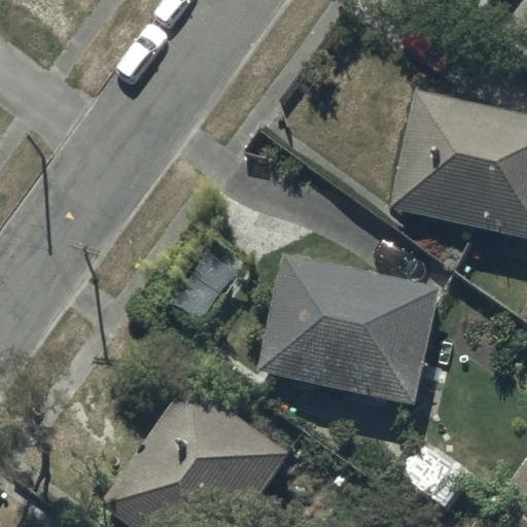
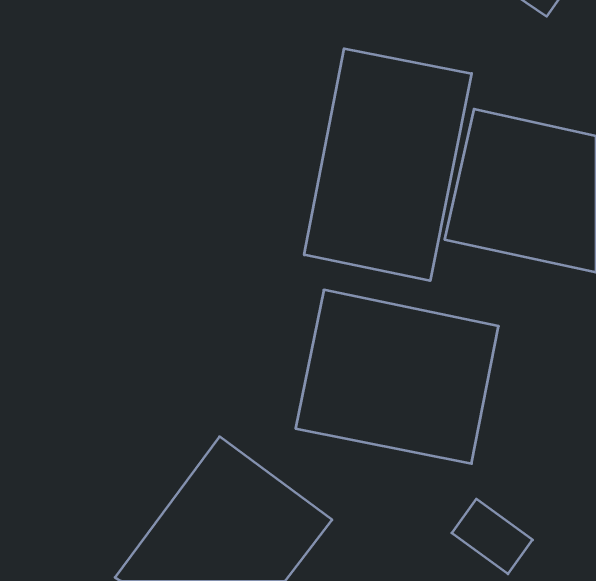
building: none -> [304,49,472,281]

